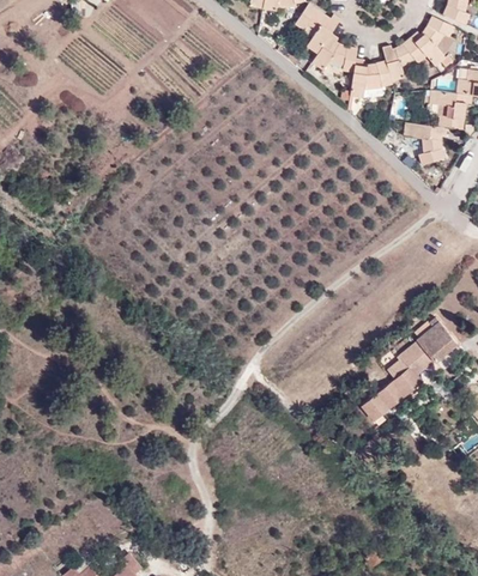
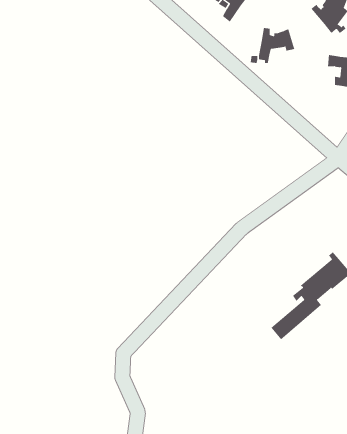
building: [310,32,357,72] -> none
building: [382,36,425,79] -> none
building: [403,121,446,164] -> none

